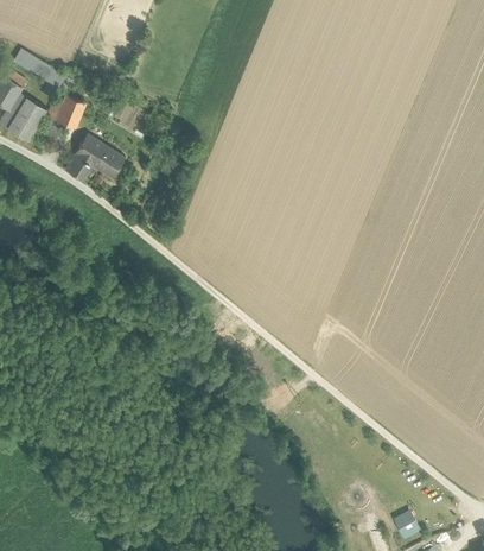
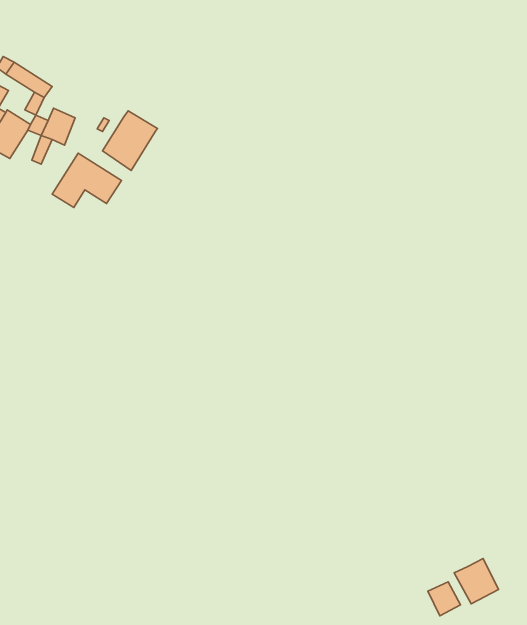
building: none -> [103,111,158,171]
building: none -> [454,558,498,604]

